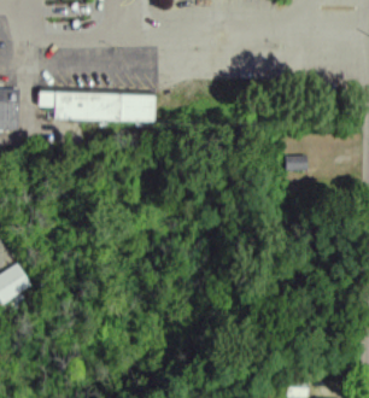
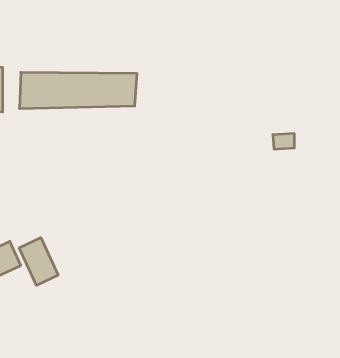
building: none -> [19,238,58,285]

